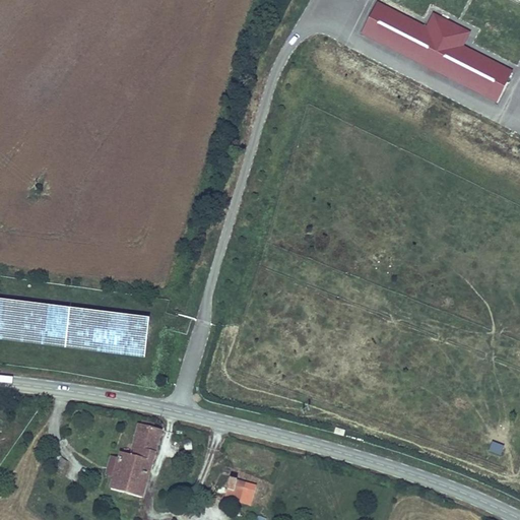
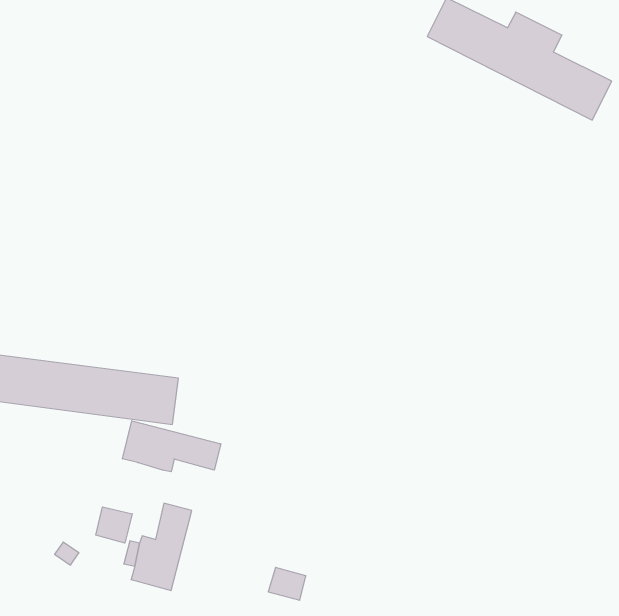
building: none -> [123,421,221,472]
building: none -> [96,507,132,543]

